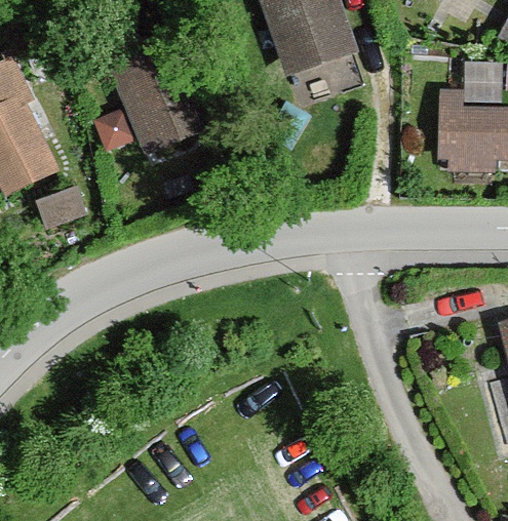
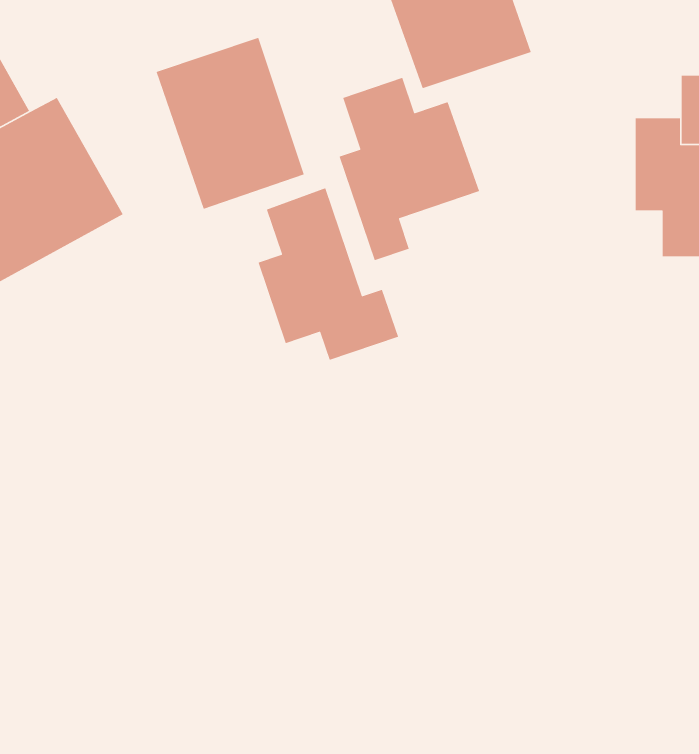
building: none -> [338,77,480,261]
building: none -> [257,187,399,361]

